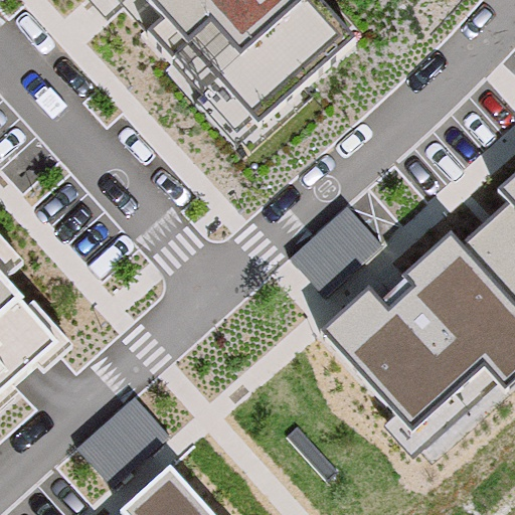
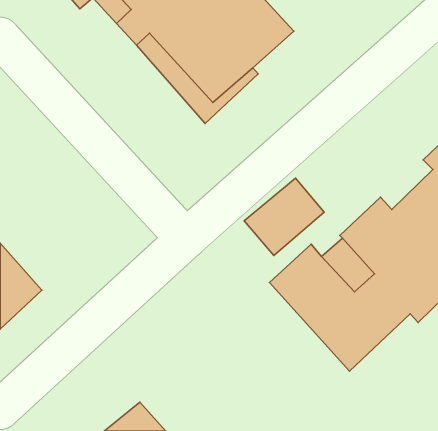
building: [78,395,165,480] -> none

